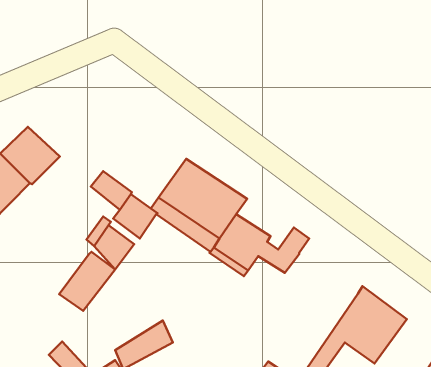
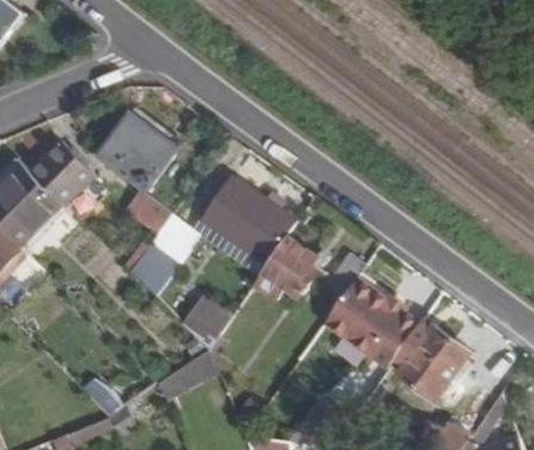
building: none -> [102,113,176,188]
building: [59,252,115,311] -> none
building: none -> [322,279,417,369]
building: none -> [183,294,232,345]

